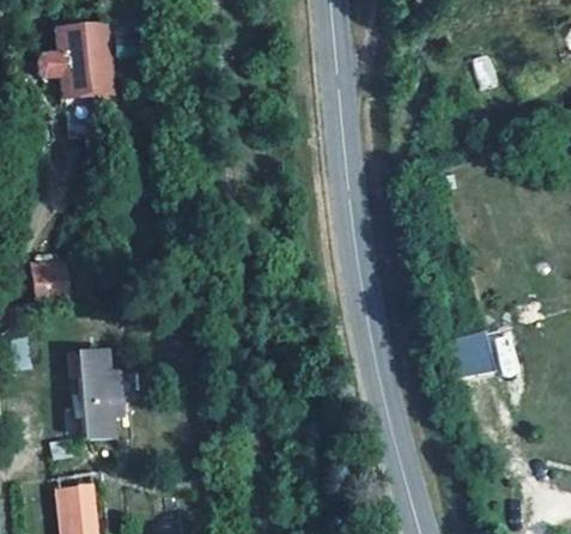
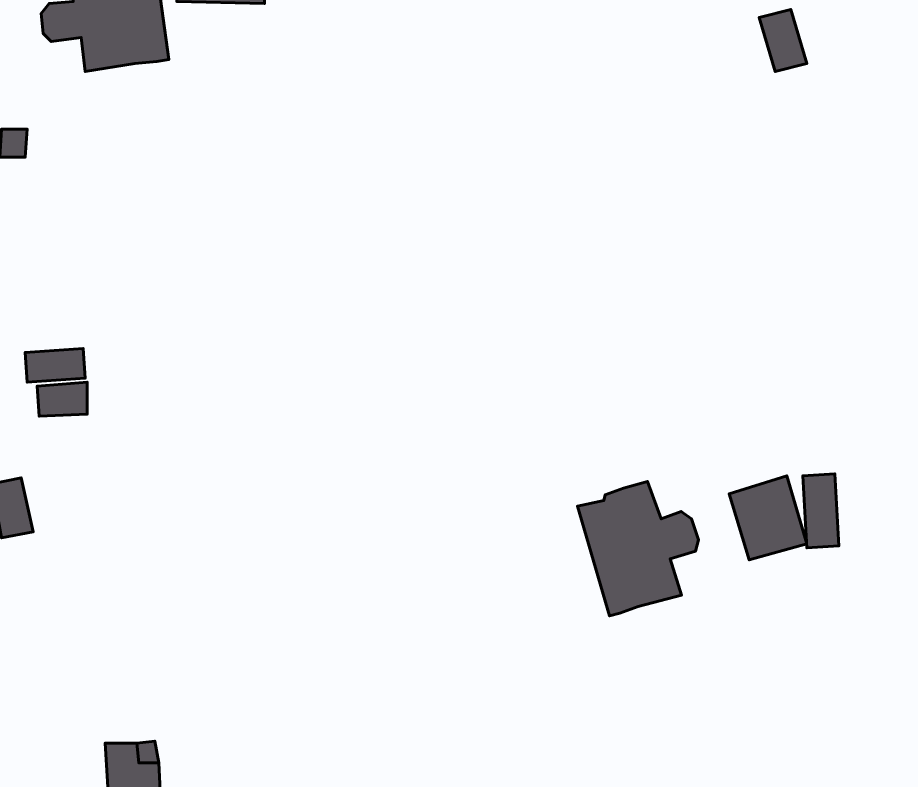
building: none -> [577,481,699,616]
building: [79,348,117,436] -> none

